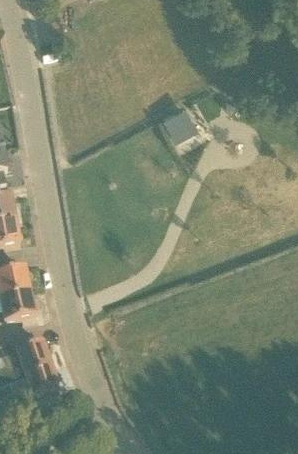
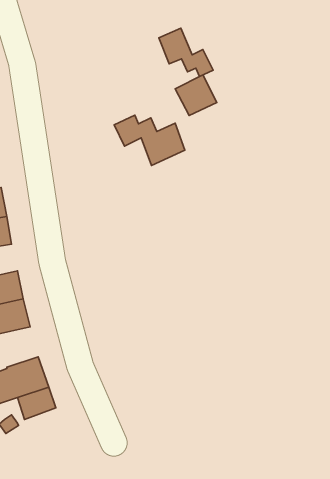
building: none -> [159,28,213,76]
building: none -> [114,115,185,166]

